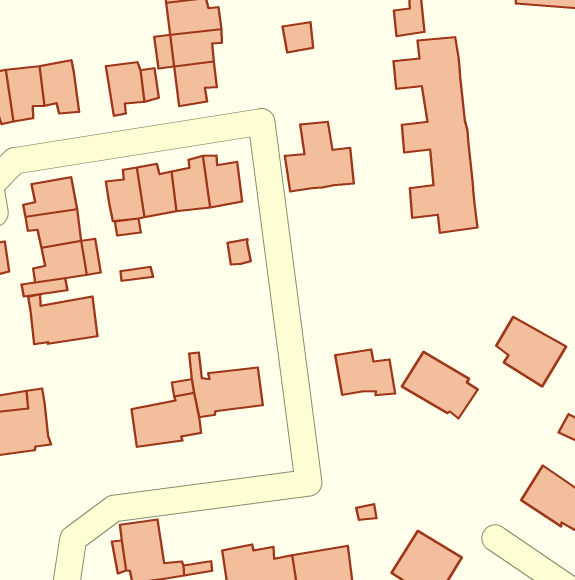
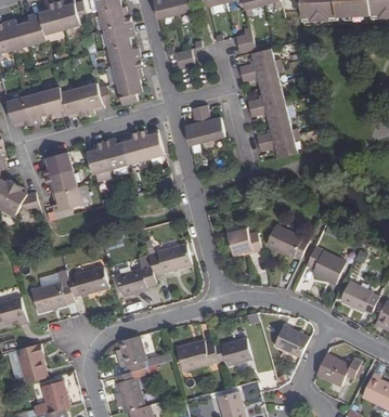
building: none -> [63,87,88,116]
building: [28,294,98,344] -> [66,265,107,296]
building: [496,317,566,387] -> [307,247,346,284]

